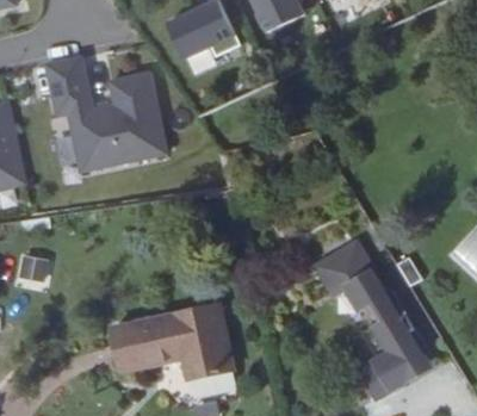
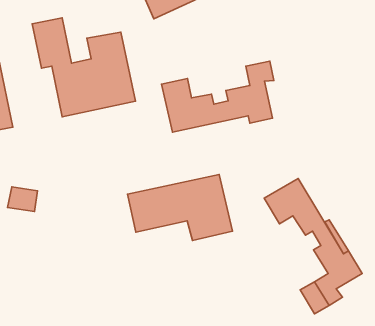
building: none -> [162,61,274,132]
building: [107,303,229,379] -> [128,175,233,241]

